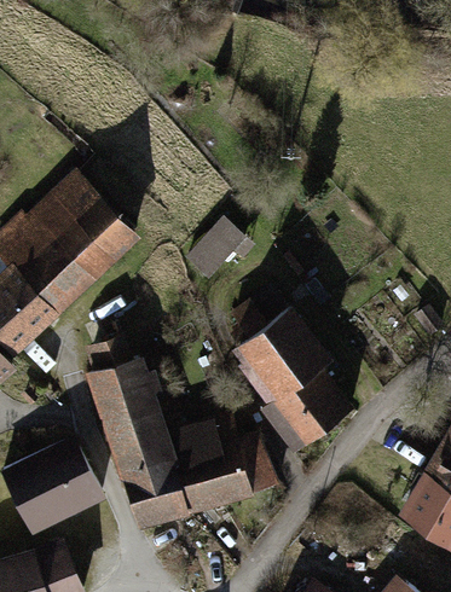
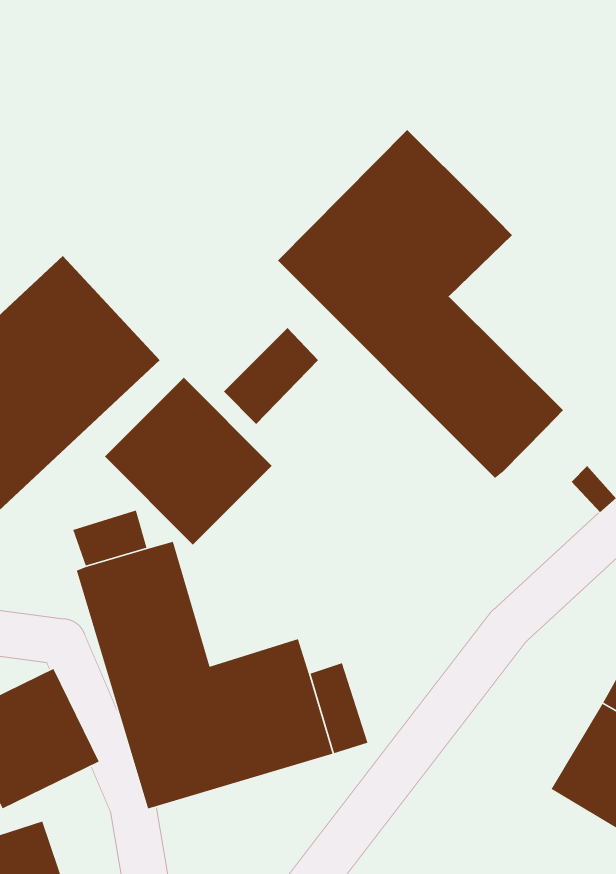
building: none -> [277,129,564,479]
building: none -> [104,377,272,545]
building: [235,303,355,455] -> none

